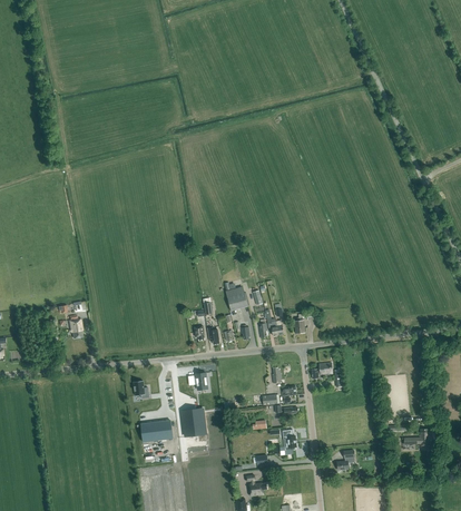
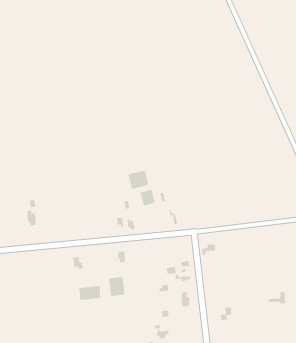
building: none -> [128,170,149,190]

